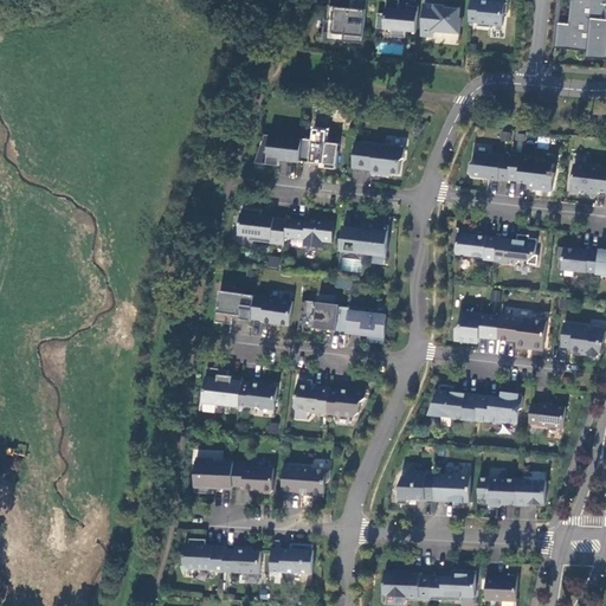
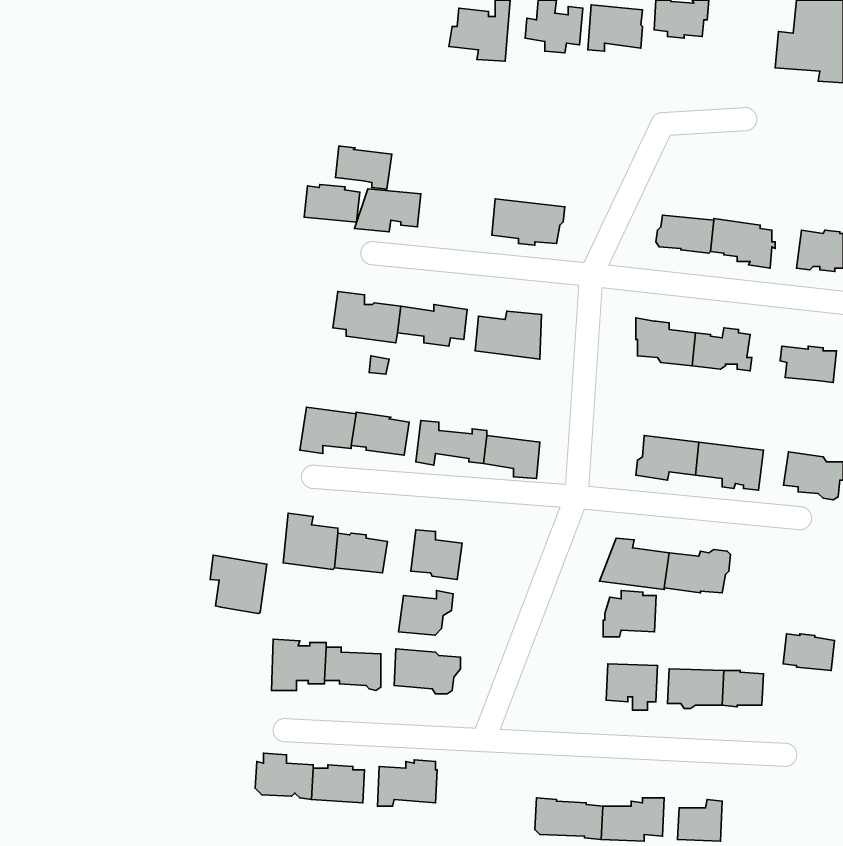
building: none -> [304,184,360,222]
building: [298,138,339,169] -> [335,146,392,189]
building: [327,385,366,417] -> [399,591,453,635]
building: none -> [210,555,267,613]
building: [528,402,565,428] -> [783,634,835,670]
building: [397,471,434,504] -> [603,590,656,637]

